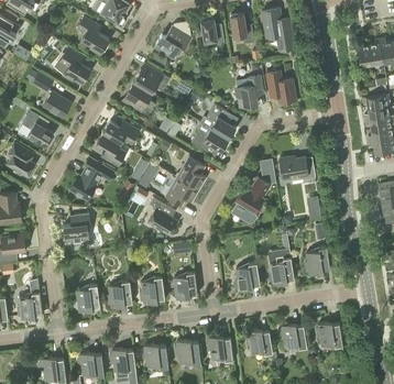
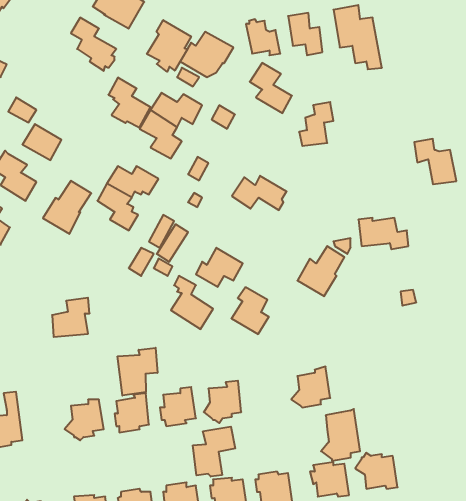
building: none -> [147,20,191,72]
building: [61,47,90,83] -> [108,78,151,128]
building: [266,69,296,101] -> [414,139,456,184]
building: [206,102,236,138] -> [250,63,292,113]
building: [179,155,206,188] -> [231,287,269,334]
building: [69,162,103,199] -> [43,181,91,234]
building: [306,245,330,274] -> none
building: none -> [118,348,157,396]
building: [266,248,294,284] -> [321,409,360,461]
building: none -> [193,427,235,477]
building: [316,320,343,345] -> none

